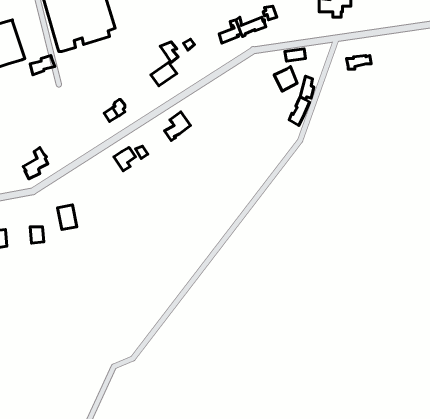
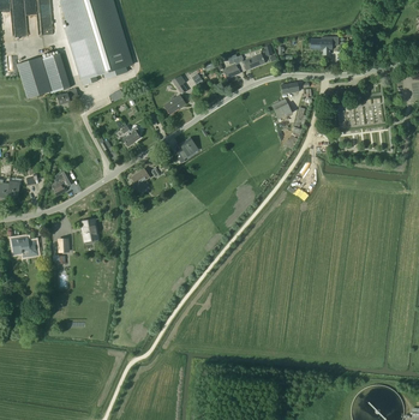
building: none -> [41,52,70,92]

